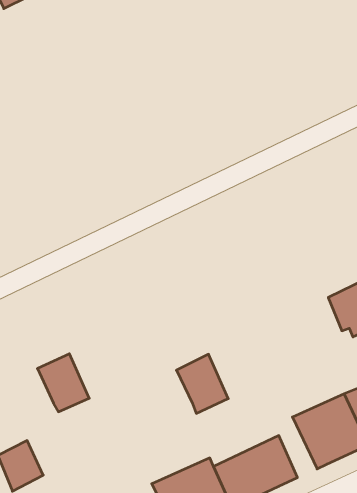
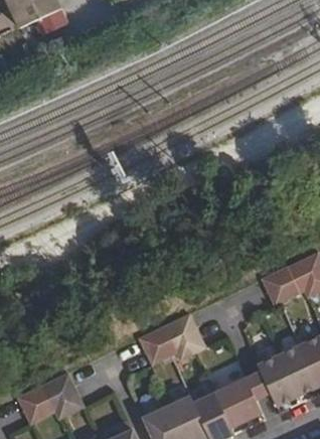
building: none -> [261,266,297,304]
building: [37,354,89,412] -> [40,371,83,418]
building: none -> [138,325,175,363]

